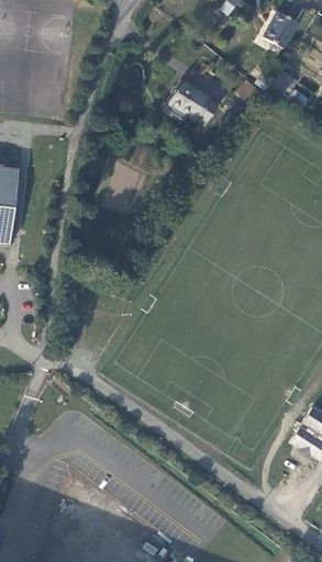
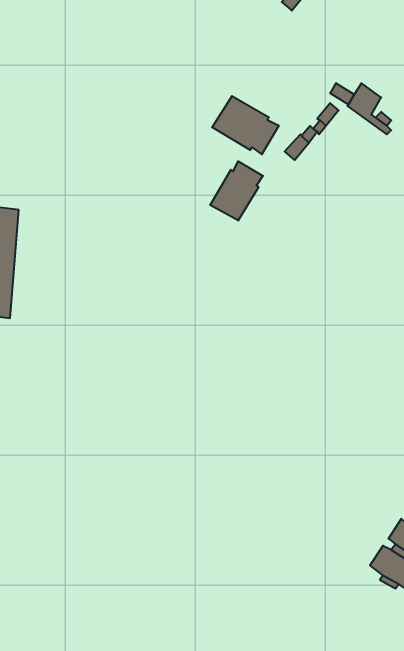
building: [264,10,298,45] -> none
building: none -> [210,161,263,221]

